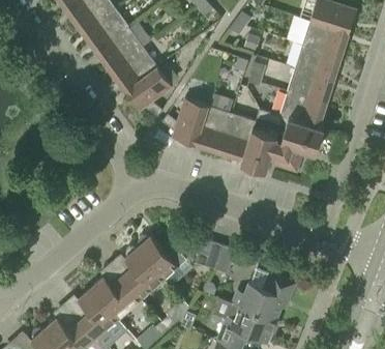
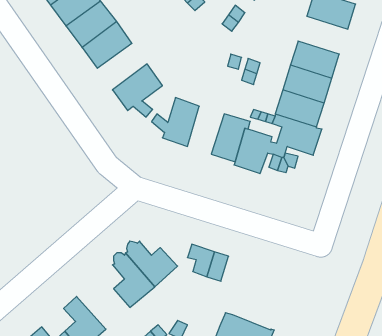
building: [302,21,350,57] -> none
building: [111,47,158,91] -> none
building: [197,107,232,152] -> none
building: [233,269,296,320] -> none
building: [91,277,142,319] -> none

